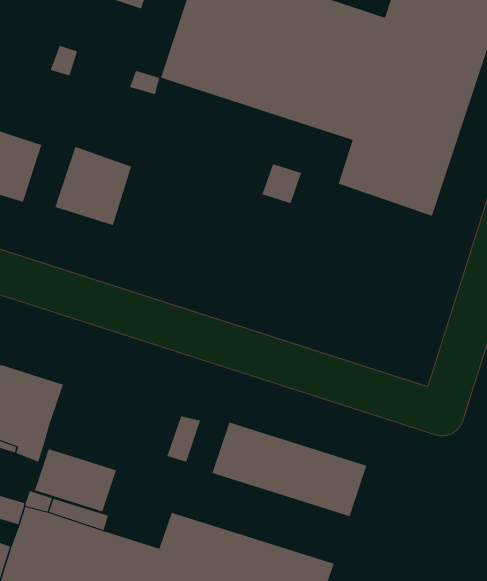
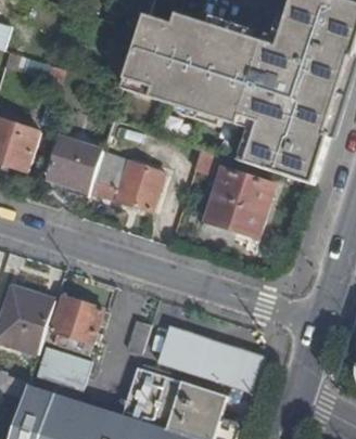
building: none -> [88,151,162,209]
building: none -> [203,167,274,236]
building: none -> [40,298,101,356]
building: none -> [128,366,243,425]

